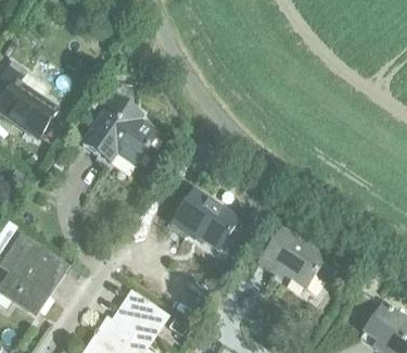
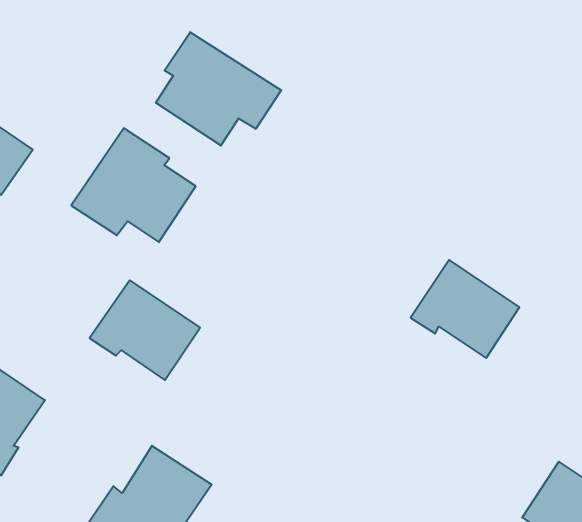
building: none -> [156,32,281,146]
building: [170,188,239,250] -> [90,280,200,380]
building: [258,227,326,288] -> [411,260,519,358]

